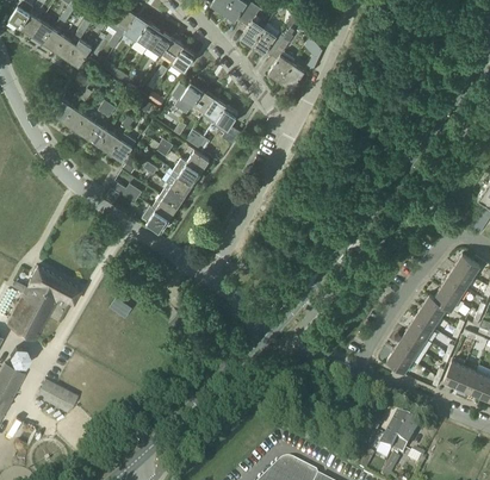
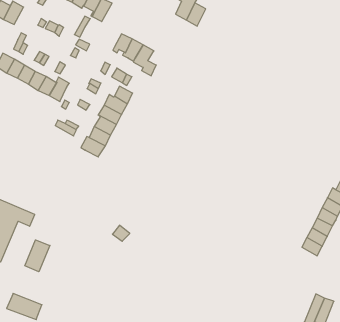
building: [173,81,203,112] -> none
building: none -> [25,240,50,272]

